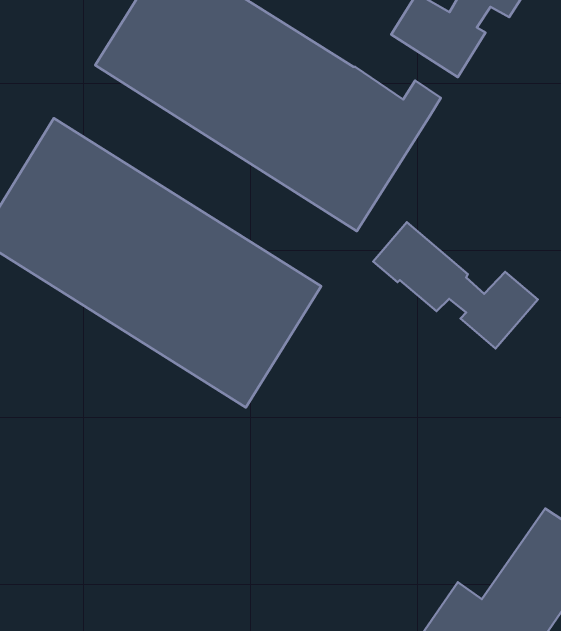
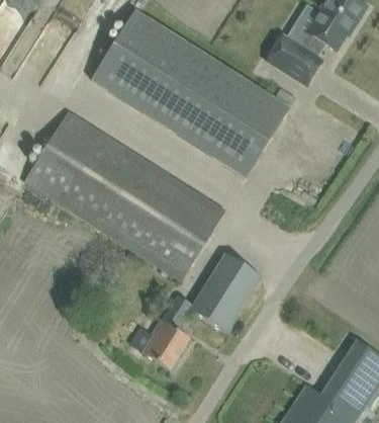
building: [373,222,538,348] -> none
building: none -> [143,253,261,368]

